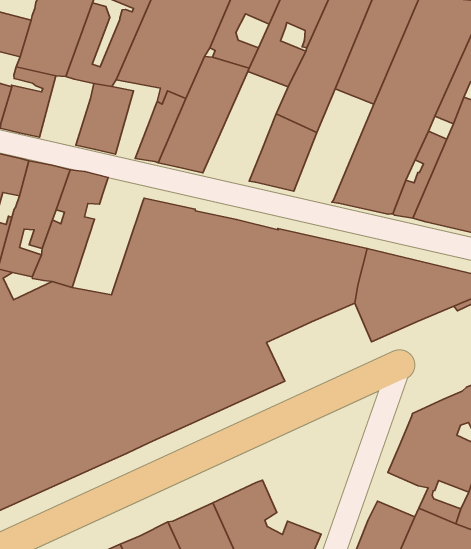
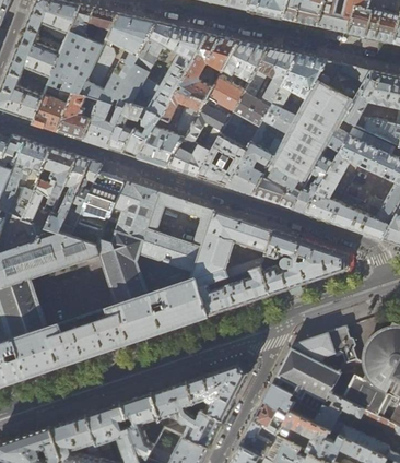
building: none -> [168,103,232,178]
building: none -> [60,93,97,141]
building: none -> [110,99,145,154]
building: none -> [228,120,289,195]
building: none -> [72,175,126,245]
building: none -> [200,266,271,314]
building: none -> [188,363,248,420]
building: none -> [264,383,296,415]

